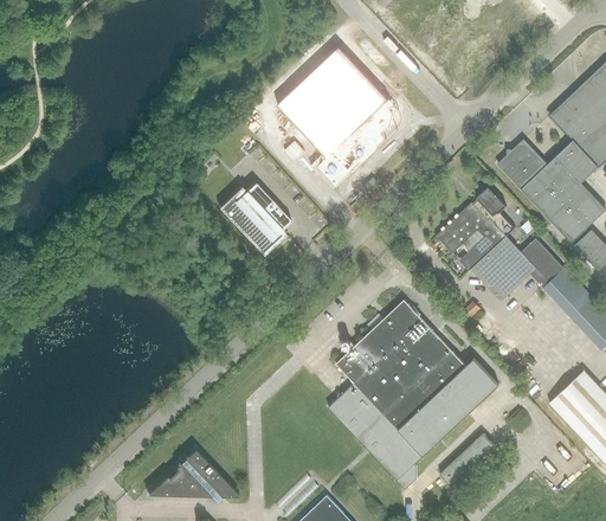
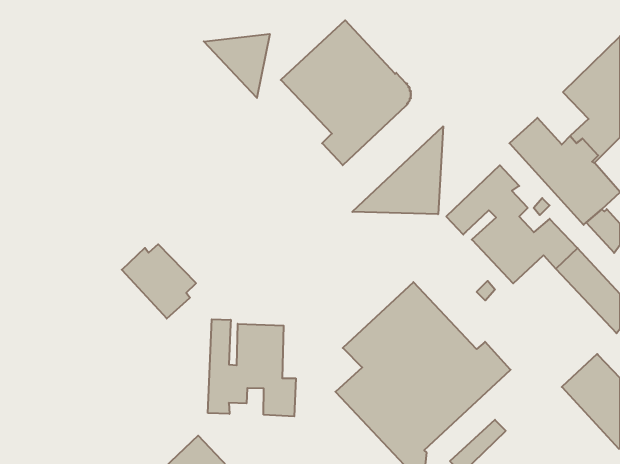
building: none -> [204,34,270,98]
building: none -> [352,126,443,214]
building: [219,182,291,255] -> [122,244,196,319]
building: none -> [208,319,296,416]

